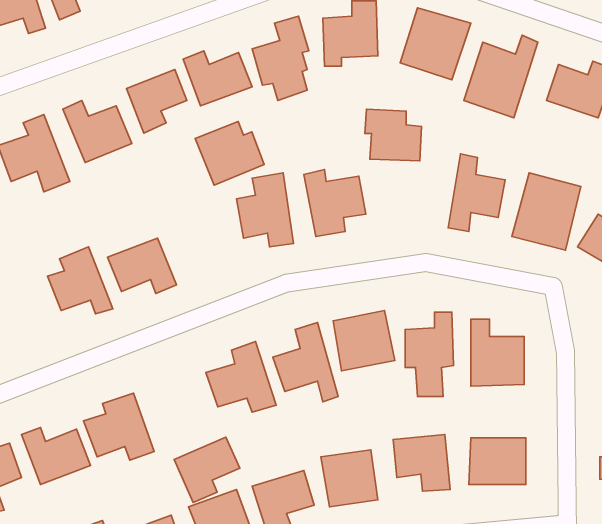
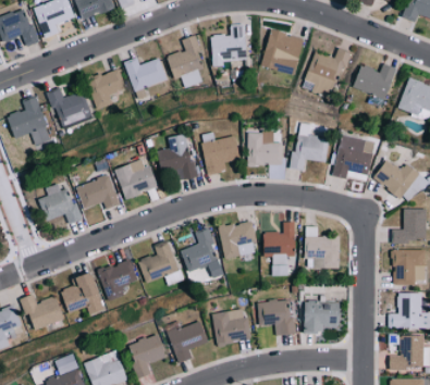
building: [365,109,422,161] -> [247,133,283,165]
building: [195,121,264,185] -> [114,159,158,199]
building: [174,437,240,503] -> [98,260,139,301]

